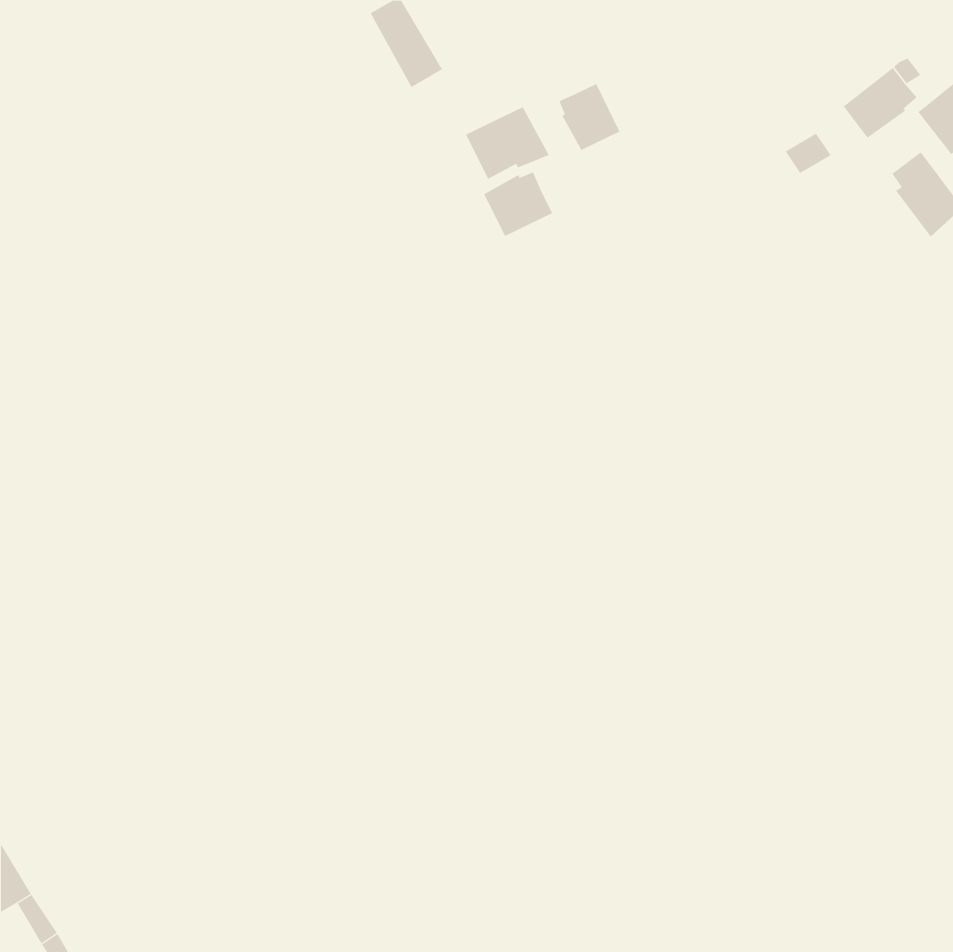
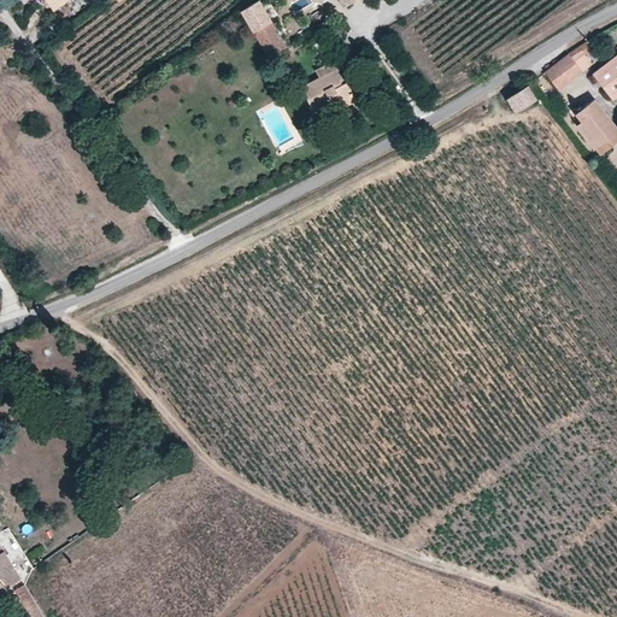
building: [559,83,620,151] -> none
building: [484,172,553,237] -> none

